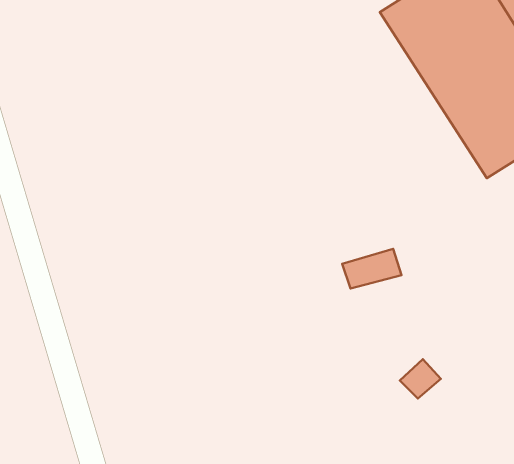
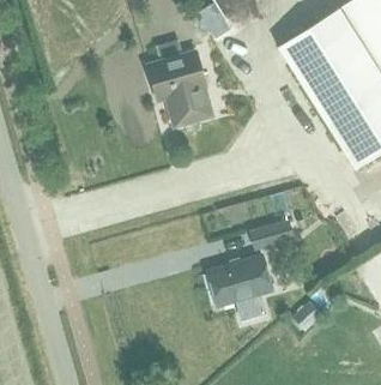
building: none -> [149,52,212,126]
building: none -> [207,254,273,307]

